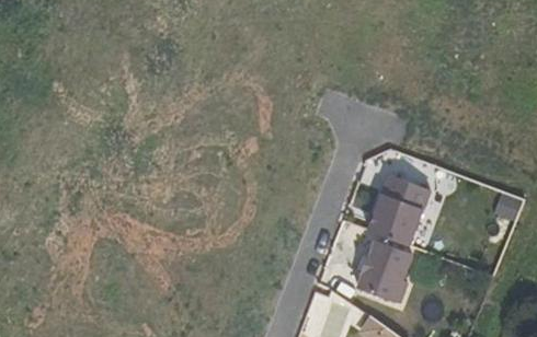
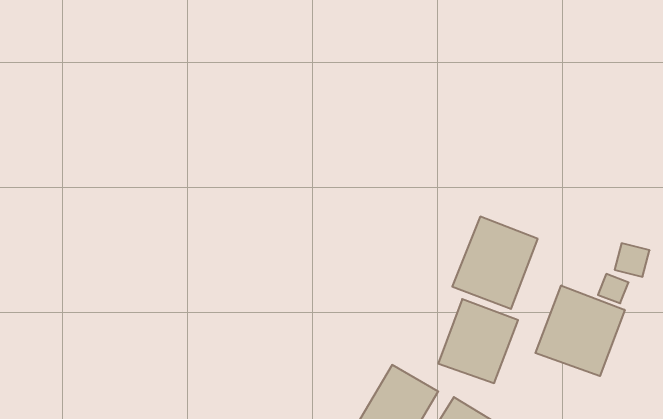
building: none -> [535,285,625,376]

